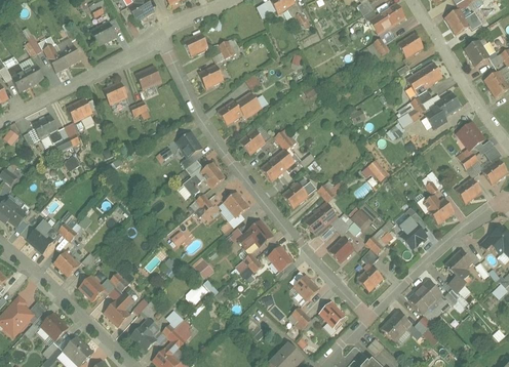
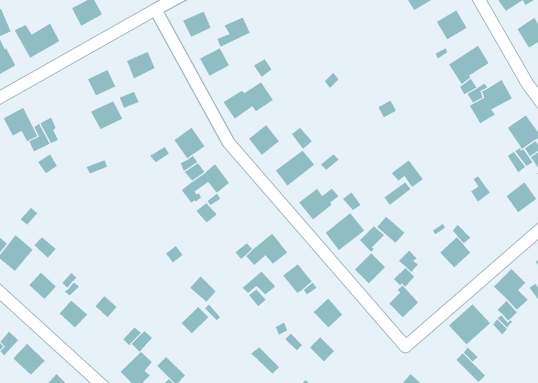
building: [66,97,93,122] -> [90,101,123,130]
building: [223,190,250,217] -> none
building: [417,195,455,222] -> none
building: [105,294,131,325] -> none
building: [319,300,346,330] -> none
building: [381,310,413,341] -> none

